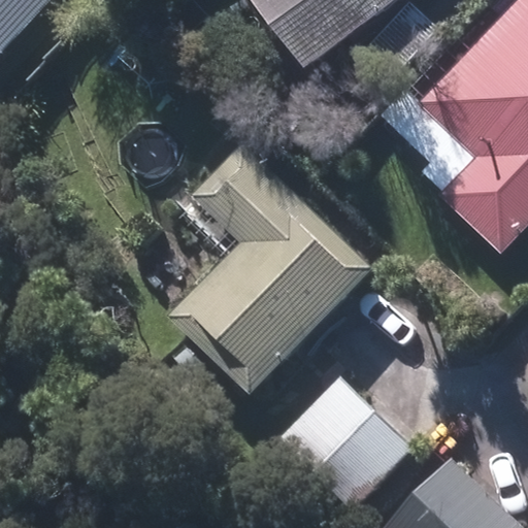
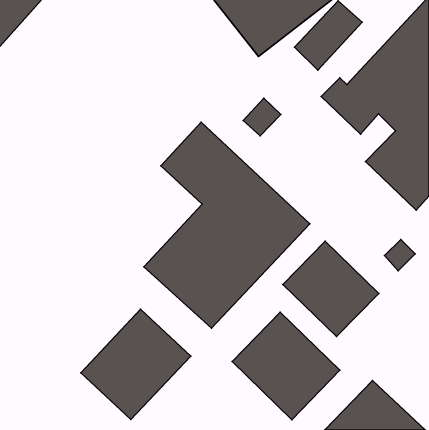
building: none -> [283,241,379,337]
building: none -> [81,309,191,420]

